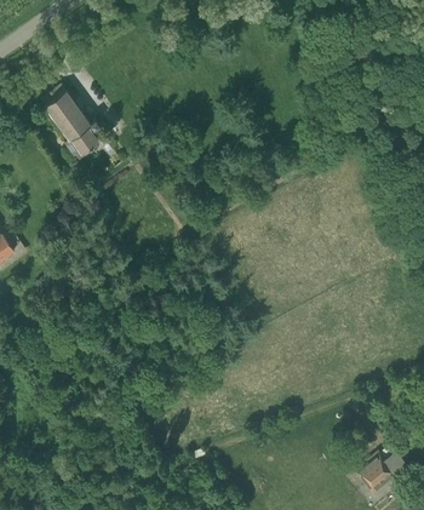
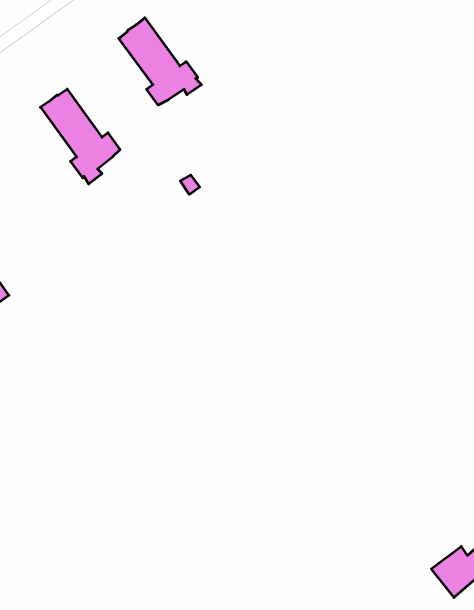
building: none -> [119,18,201,105]

